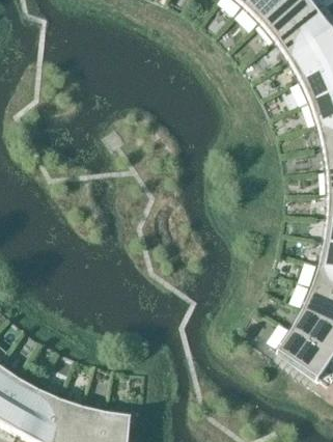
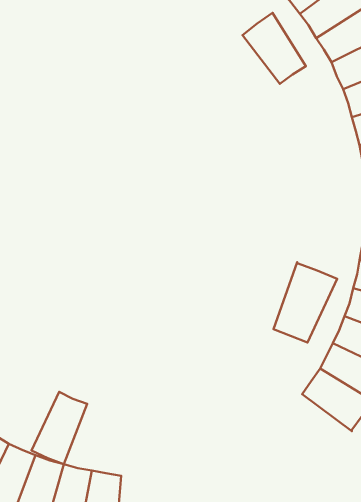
building: none -> [242,13,306,84]
building: none -> [273,262,337,343]
building: none -> [31,392,87,464]

